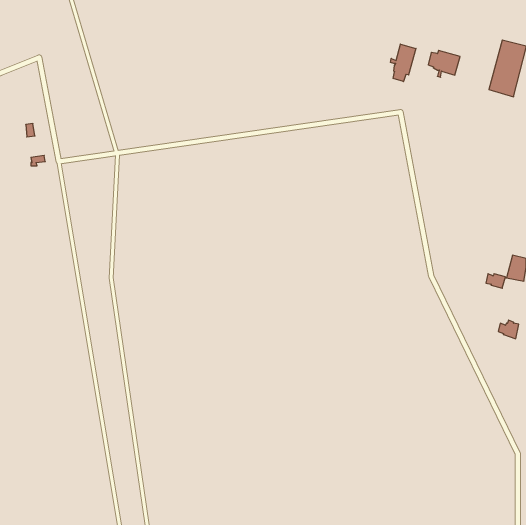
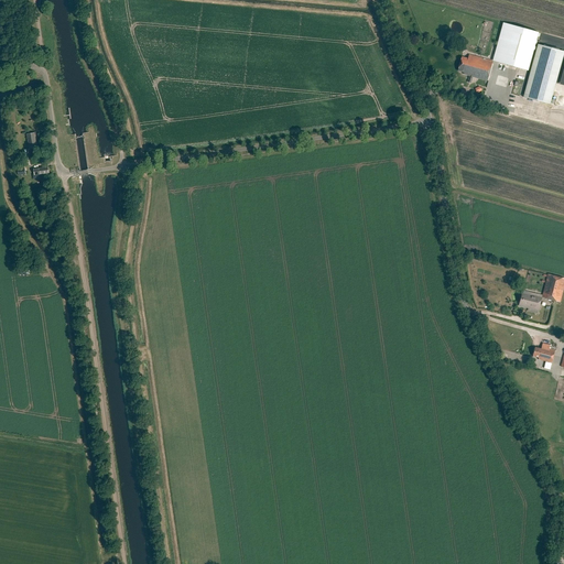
building: none -> [492,22,538,69]
building: [390,44,416,82] -> none

